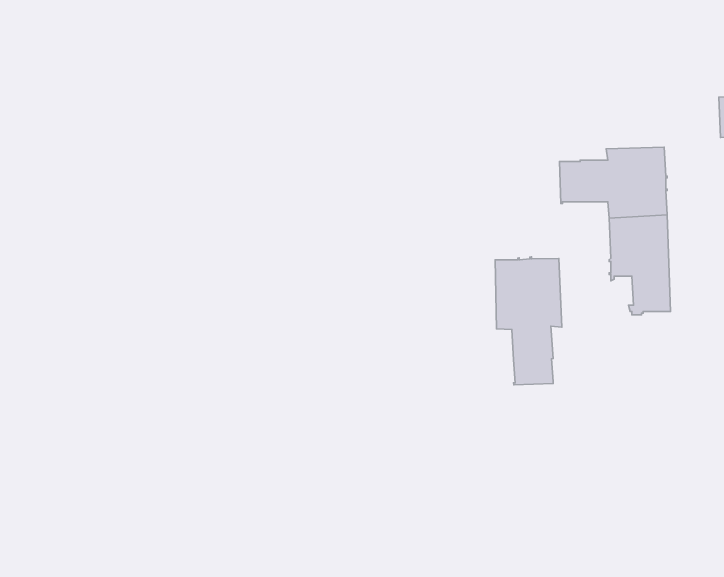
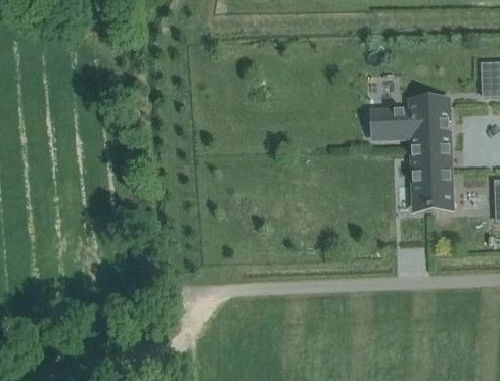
building: [495,257,562,385] -> none

